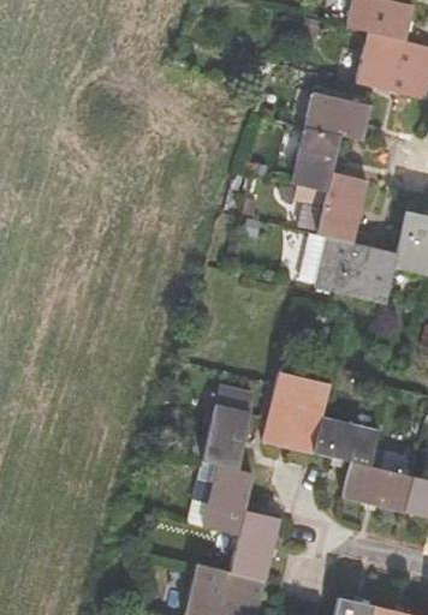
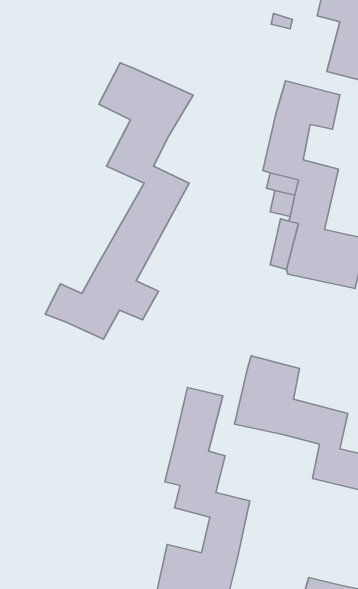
building: none -> [45,63,193,339]

